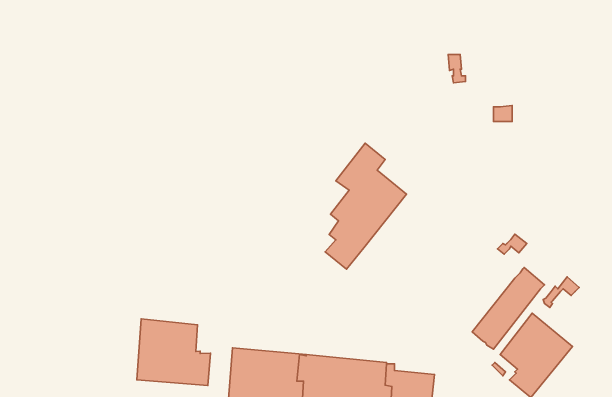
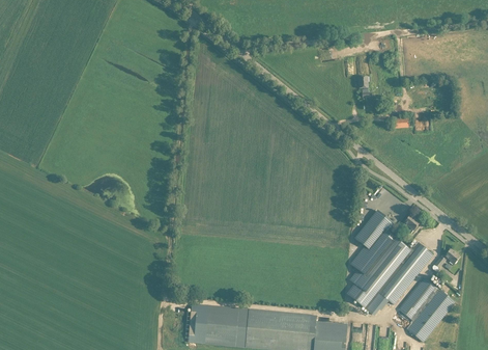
building: [325,143,407,269] -> [346,210,409,307]
building: [137,319,210,385] -> none

